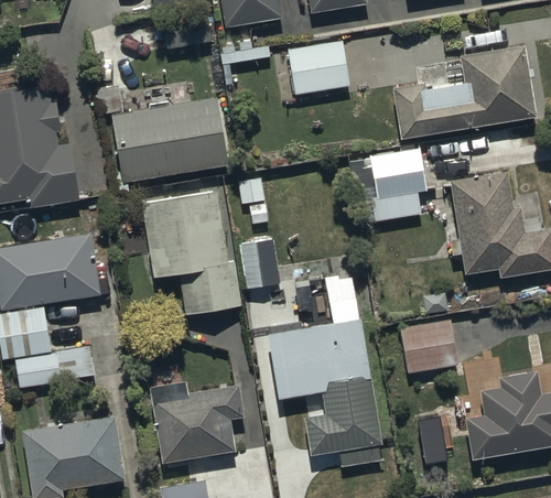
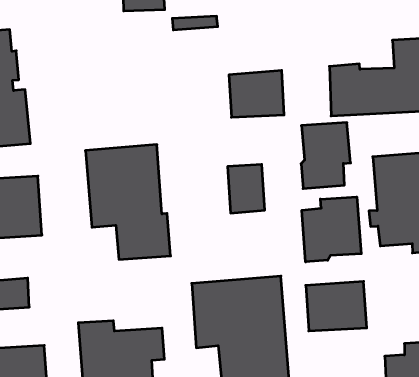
building: [287,35,349,90] -> [229,70,284,117]
building: [110,96,229,184] -> none
building: none -> [302,197,361,262]
building: [236,236,280,291] -> [228,164,265,213]

